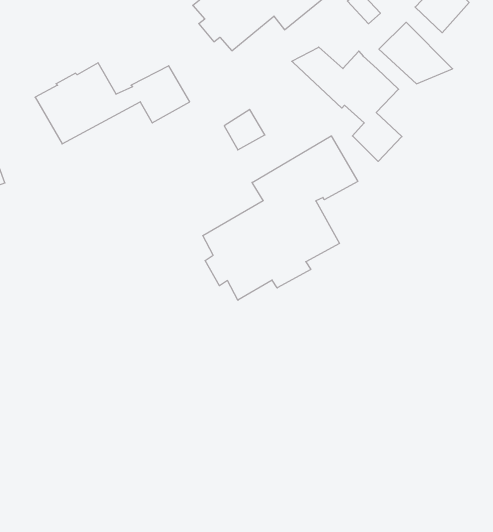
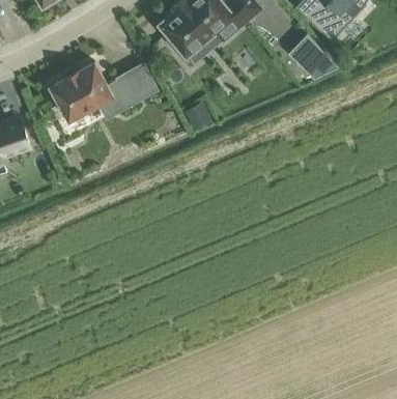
building: [292,47,402,161] -> none
building: [203,136,358,300] -> none

